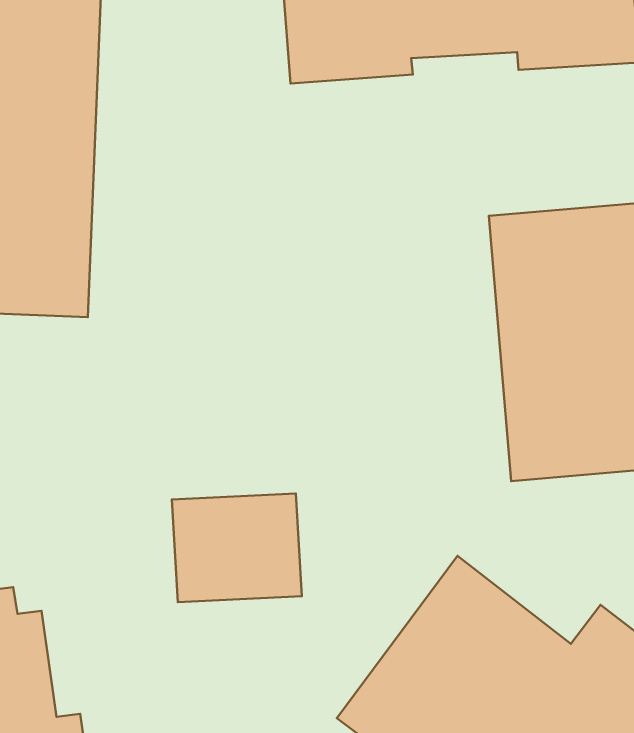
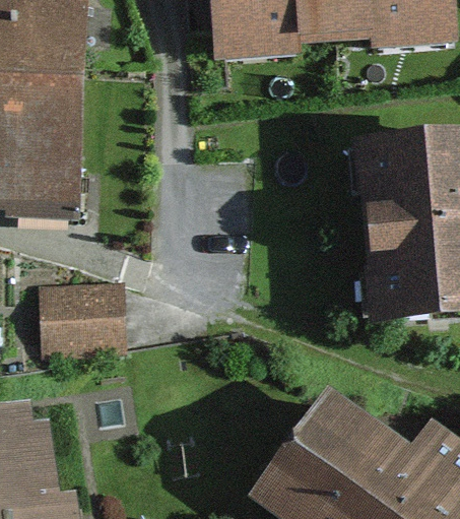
building: [172,493,302,602] -> [37,283,125,358]

